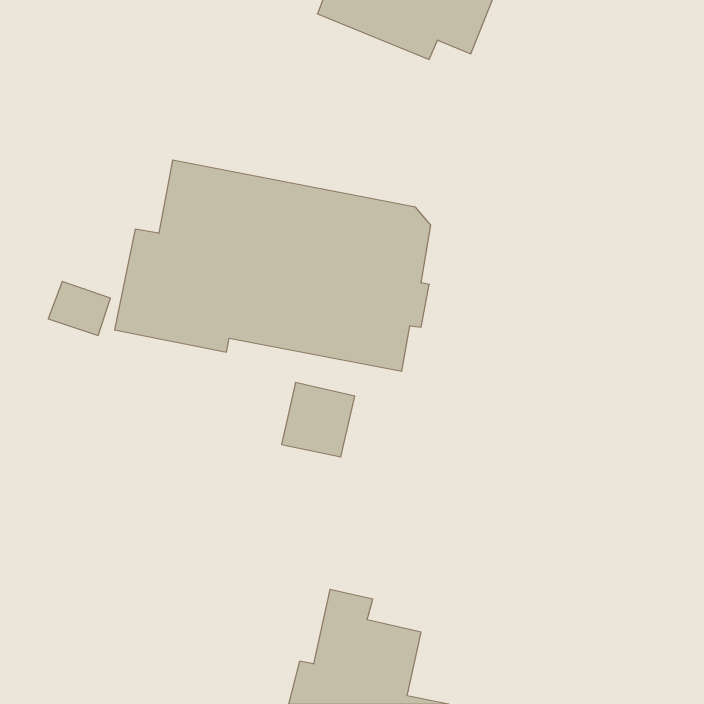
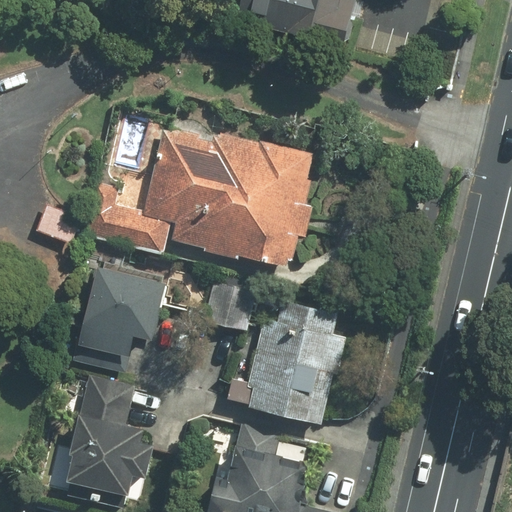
building: none -> [78,261,168,357]
building: none -> [225,295,353,429]
building: none -> [63,376,152,496]

